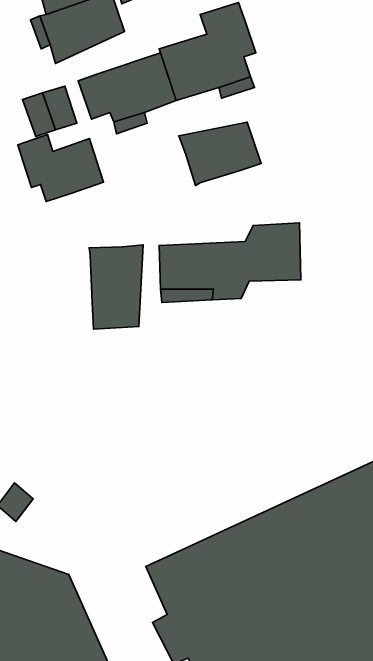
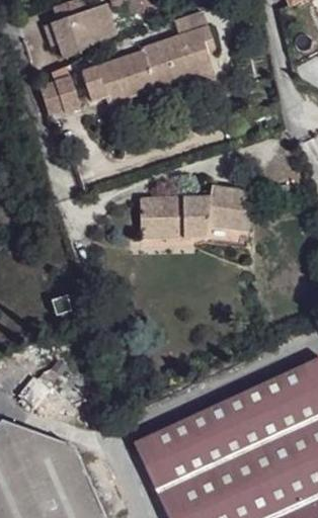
building: [179,122,261,185] -> none
building: [18,134,104,201] -> none
building: [89,245,143,329] -> none

